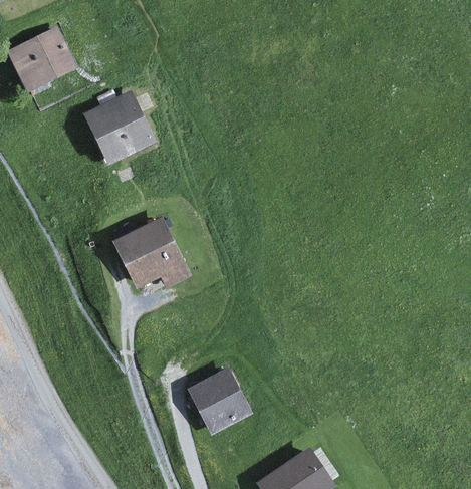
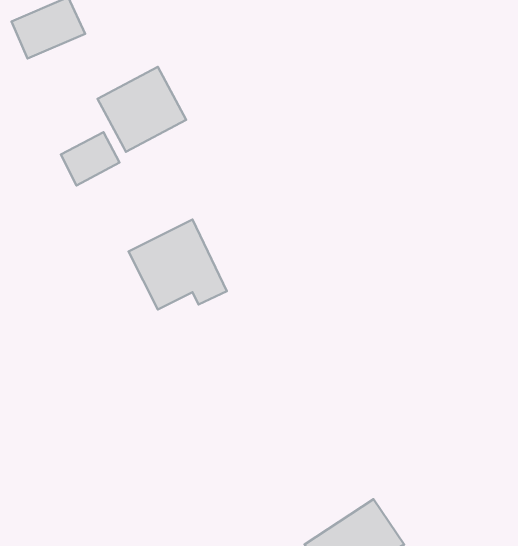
building: none -> [61,132,119,186]
building: [186,366,251,434] -> none

